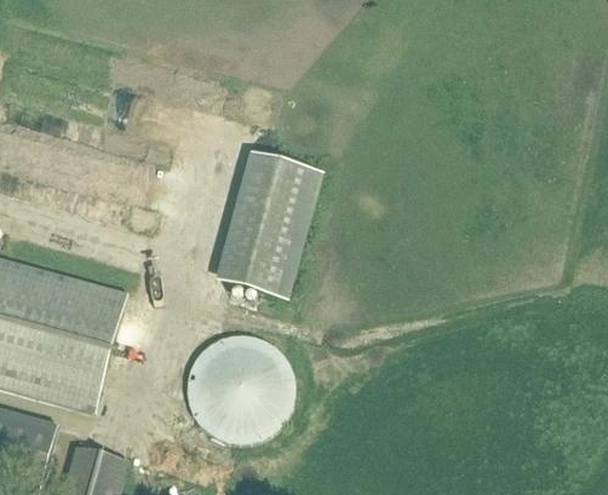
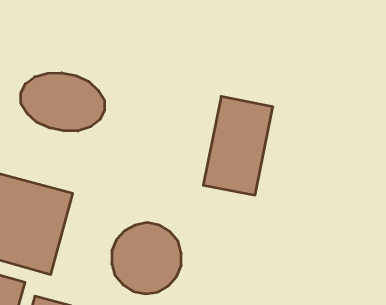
building: none -> [21,73,104,131]
building: [211,160,315,307] -> [203,96,273,195]

